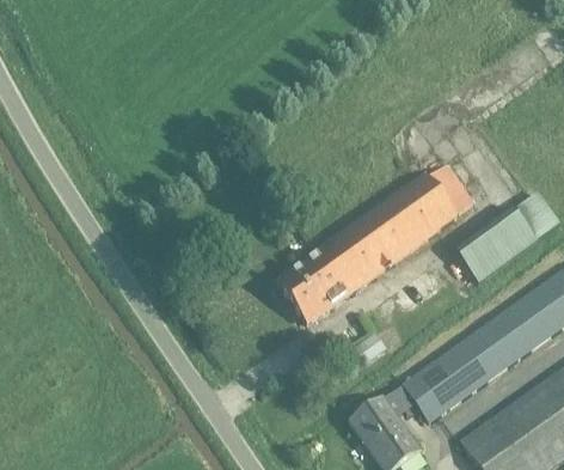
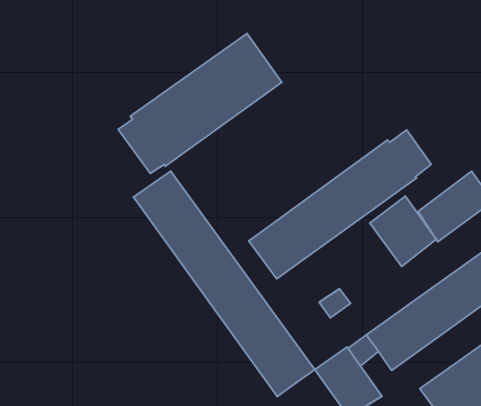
building: none -> [118,33,282,173]
building: none -> [133,171,315,397]
building: none -> [370,196,436,266]

